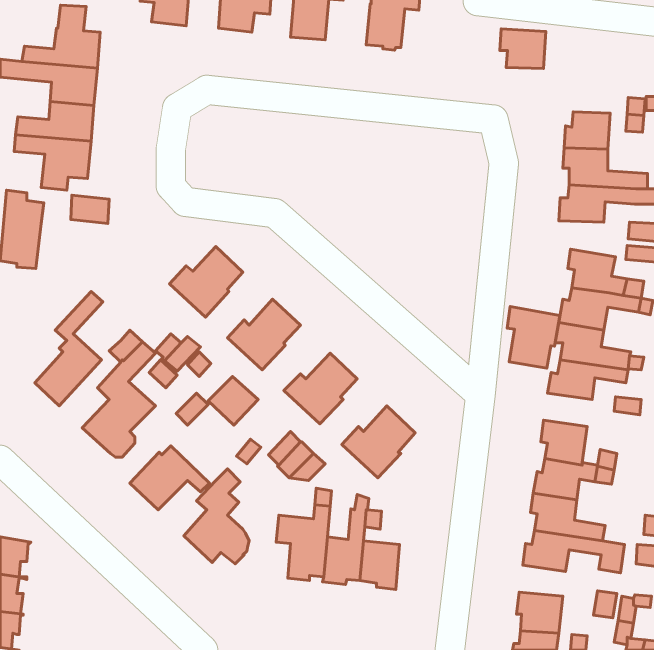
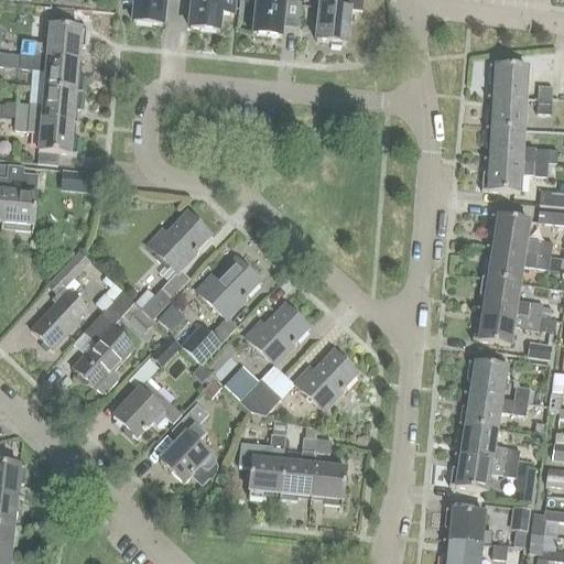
building: [500,29,546,69] -> [488,63,528,97]
building: [507,307,560,368] -> none

